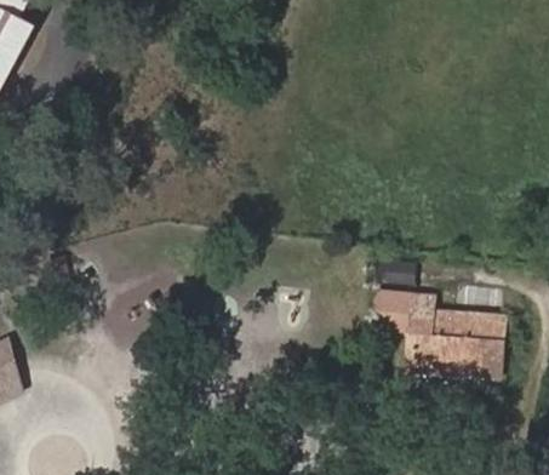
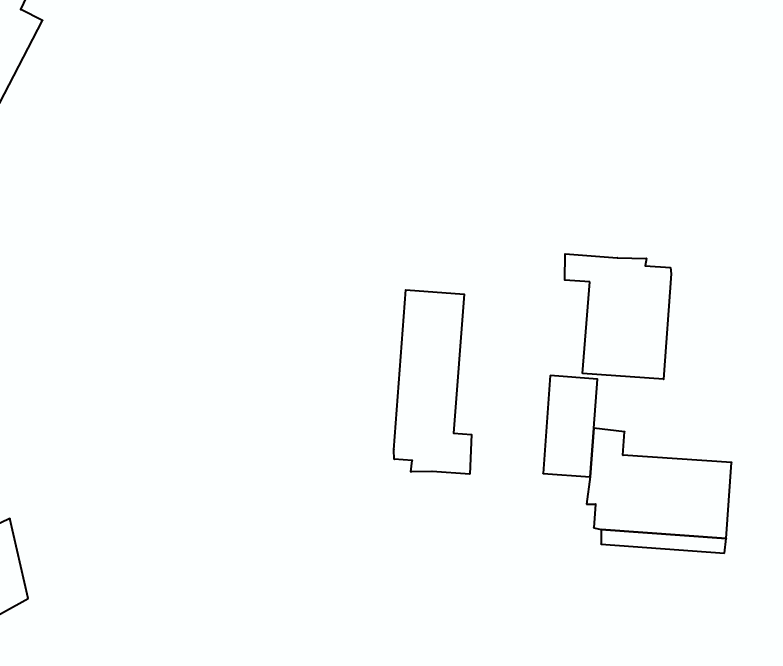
building: none -> [565,254,671,379]
building: none -> [394,290,472,474]

